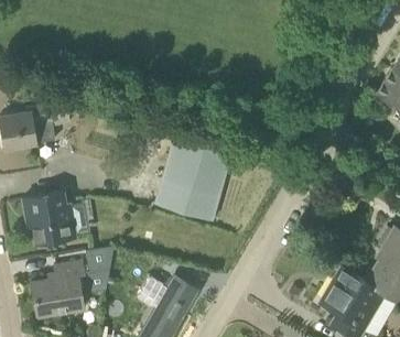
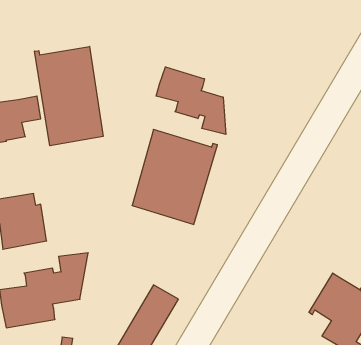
building: none -> [35,46,103,146]
building: none -> [156,67,226,134]

